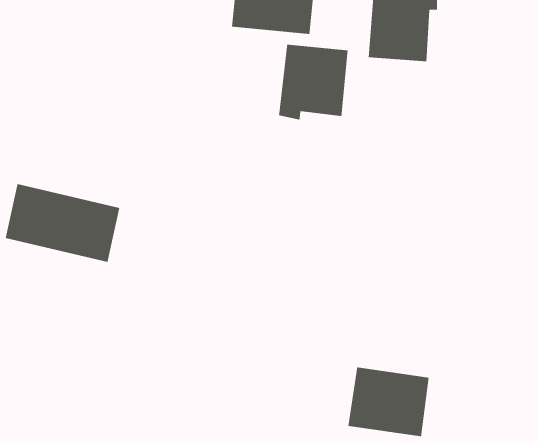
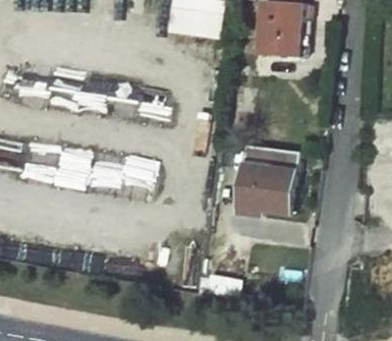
building: [278,44,348,120] -> none
building: [347,367,429,437] -> [241,162,296,209]

